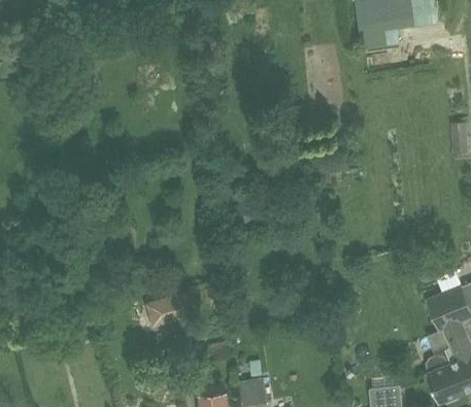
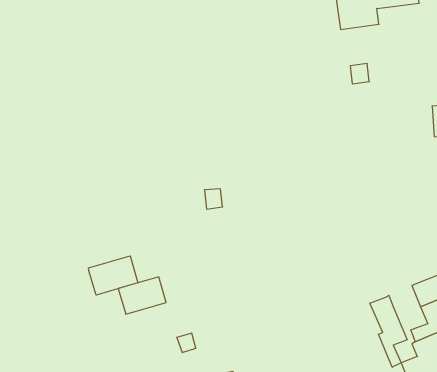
building: none -> [88,256,138,295]
building: none -> [370,295,407,367]

